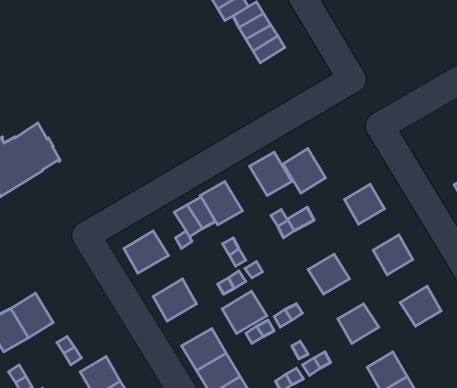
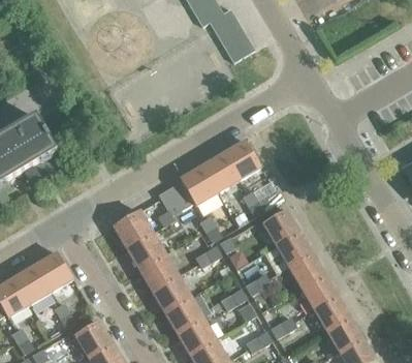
building: [283,148,326,193] -> [202,153,240,192]
building: [344,184,384,224] -> [263,209,298,244]
building: [373,235,413,275] -> [289,252,324,288]
building: none -> [126,232,165,268]
building: none -> [36,252,73,291]
building: [400,286,441,326] -> [314,295,350,330]
building: [222,291,267,333] -> [152,274,191,311]

